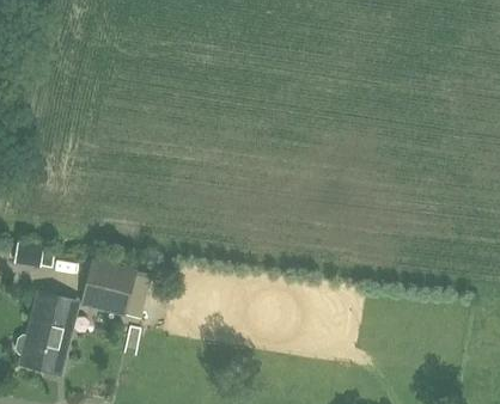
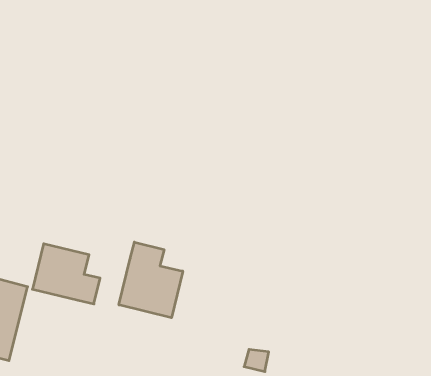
building: none -> [119,242,183,318]

